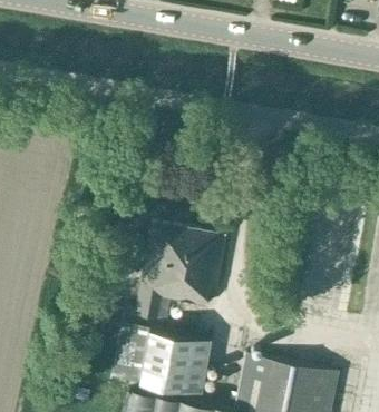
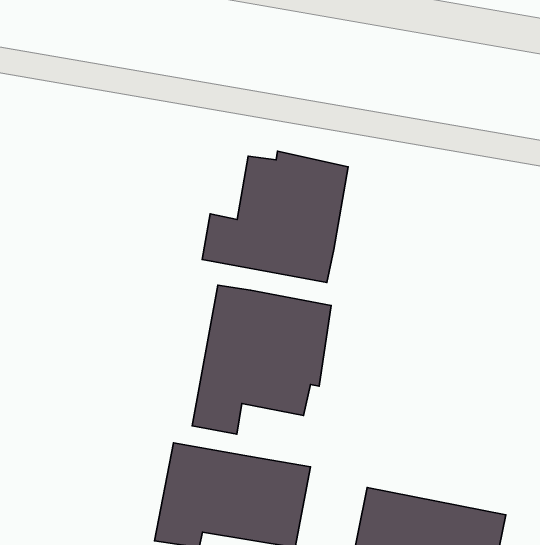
building: none -> [202,151,348,282]

